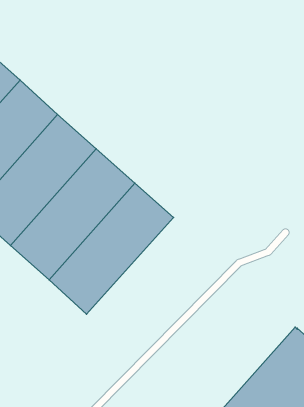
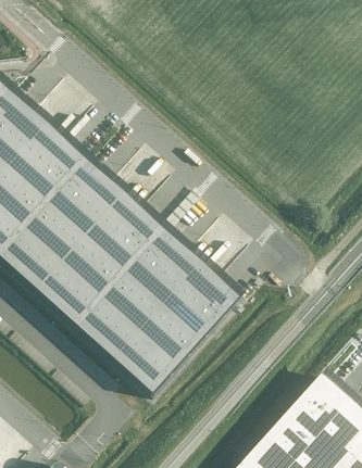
building: none -> [114,263,240,395]

